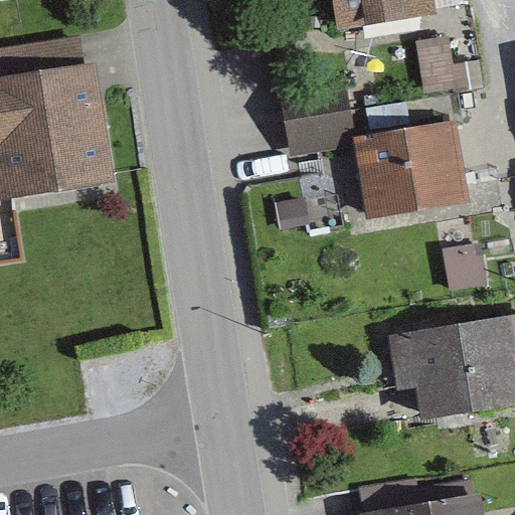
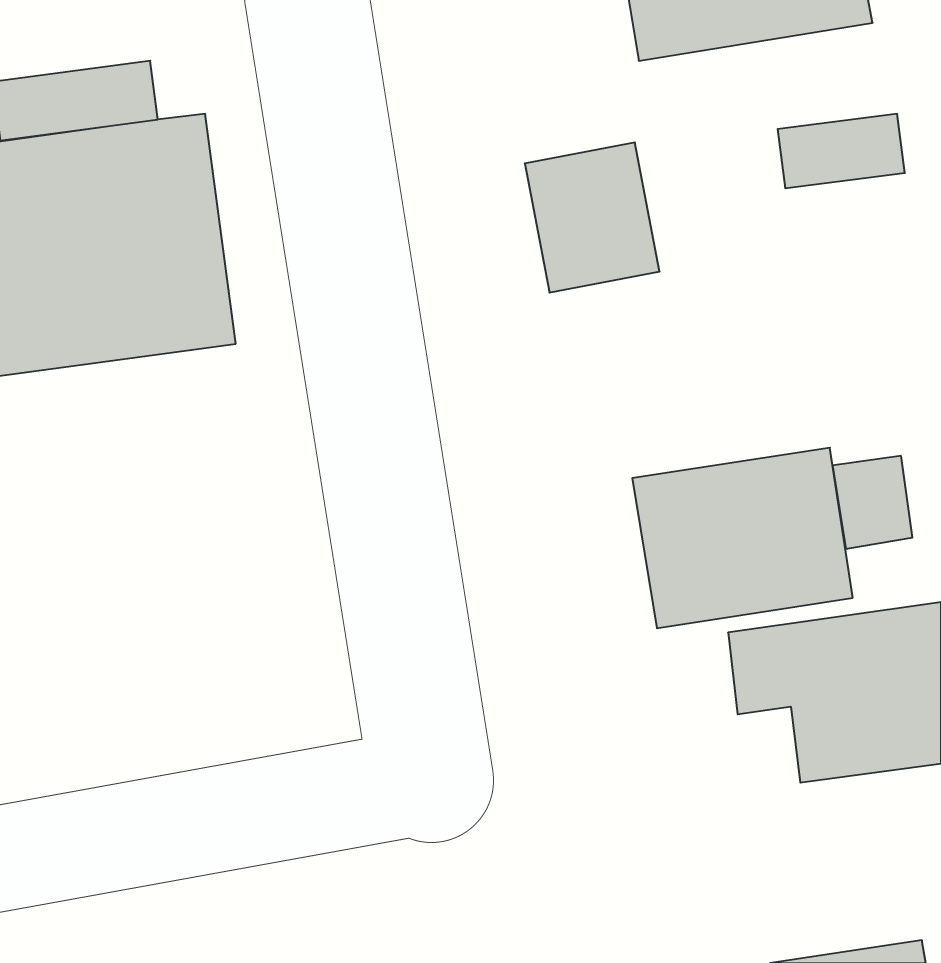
building: [357,122,474,217] -> [632,448,853,628]

